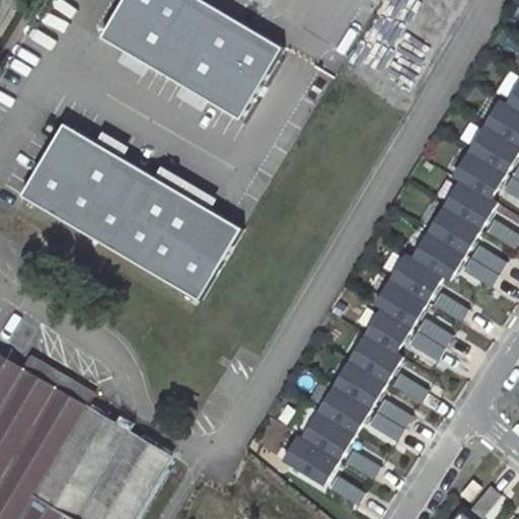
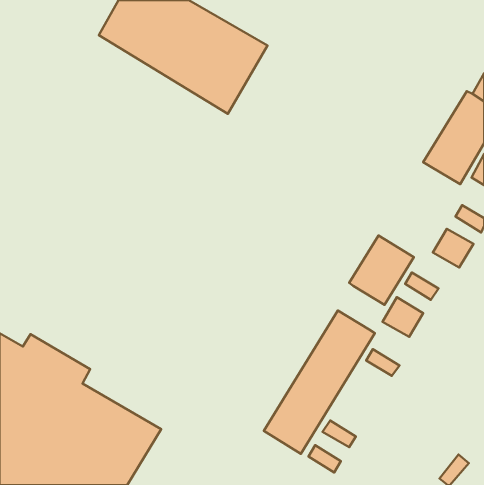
building: [28,126,244,302] -> none
building: [411,177,497,279] -> none
building: [361,305,411,352] -> none
building: [368,399,412,441] -> none

